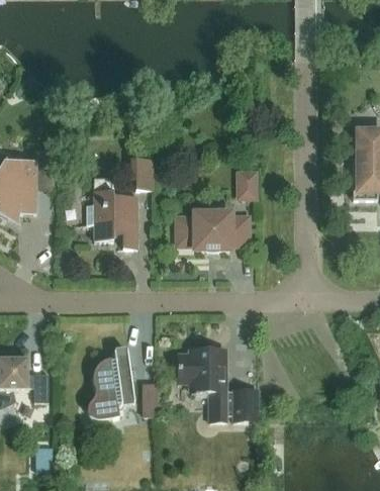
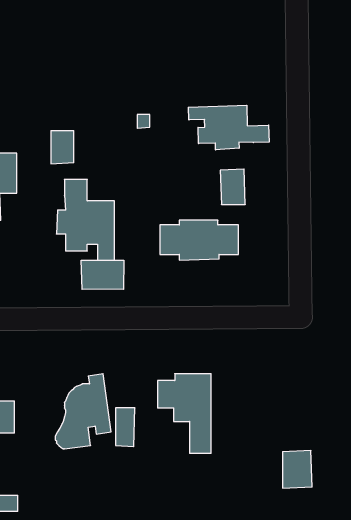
building: none -> [188,105,269,150]
building: [133,159,154,188] -> [51,131,74,164]
building: none -> [81,260,124,289]
building: [231,386,258,419] -> [283,451,312,488]

